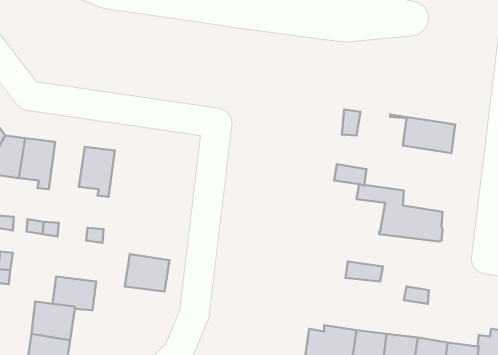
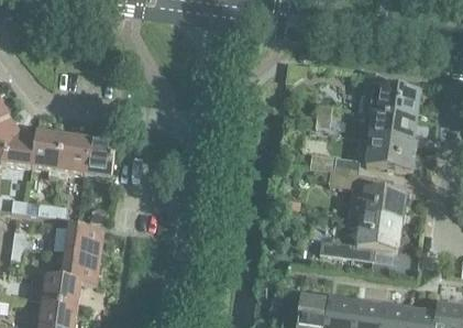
building: none -> [359,73,420,118]
building: none -> [57,133,89,176]
building: none -> [365,136,416,171]
building: none -> [348,215,401,250]
building: [125,254,170,291] -> [64,223,103,256]

